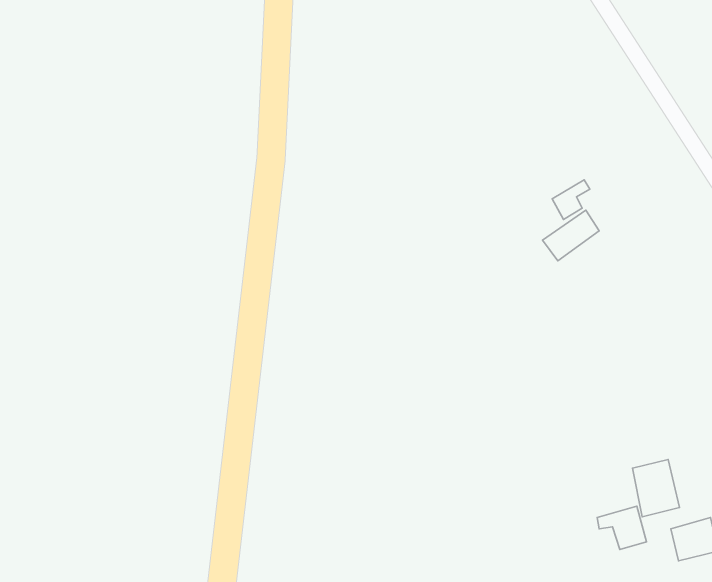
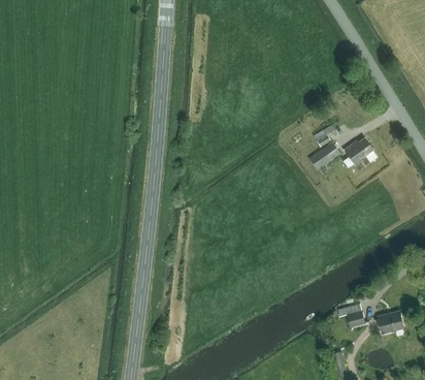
building: none -> [344,137,372,165]
building: [633,460,680,517] -> none

